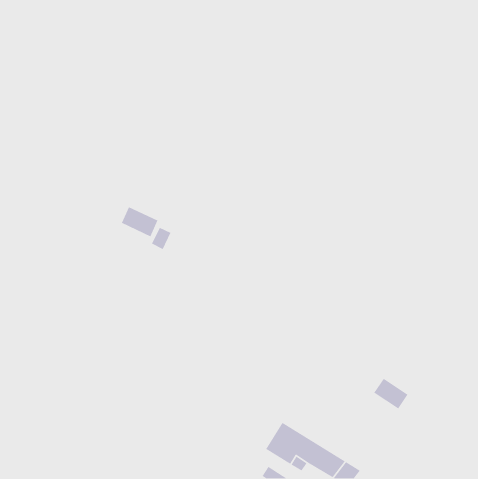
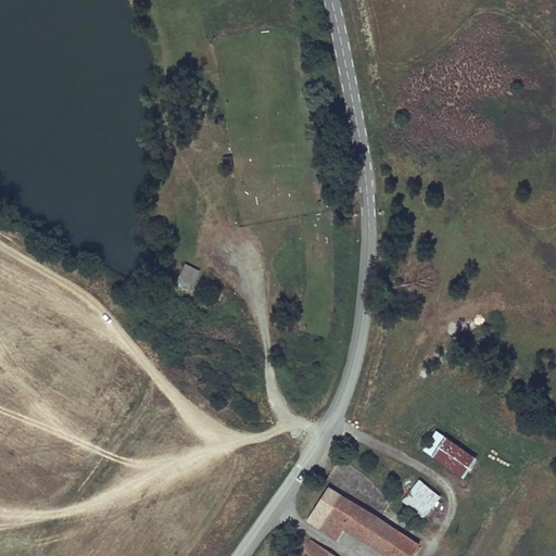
building: [121,206,159,237] -> none
building: none -> [402,479,441,517]

